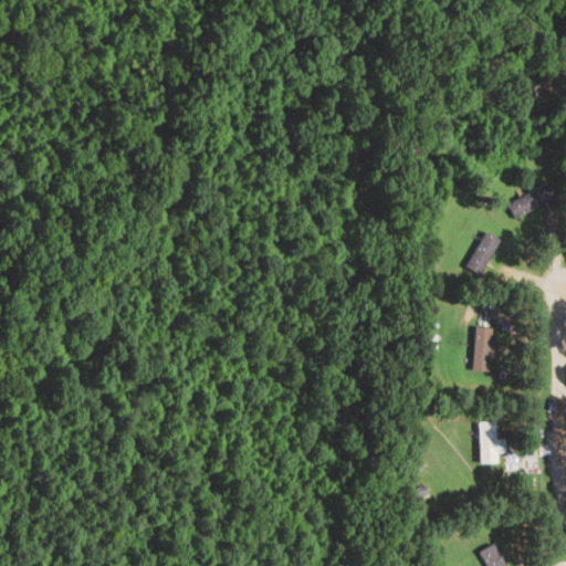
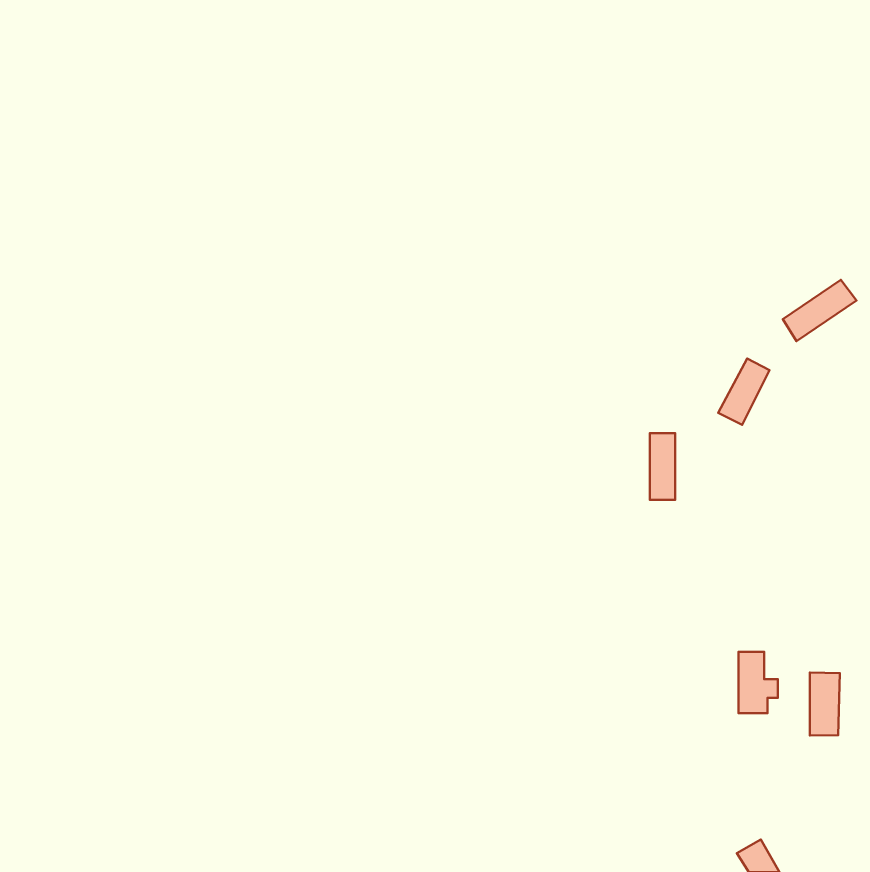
building: [474,328,491,371] -> [650,433,675,500]
building: none -> [810,673,840,735]

